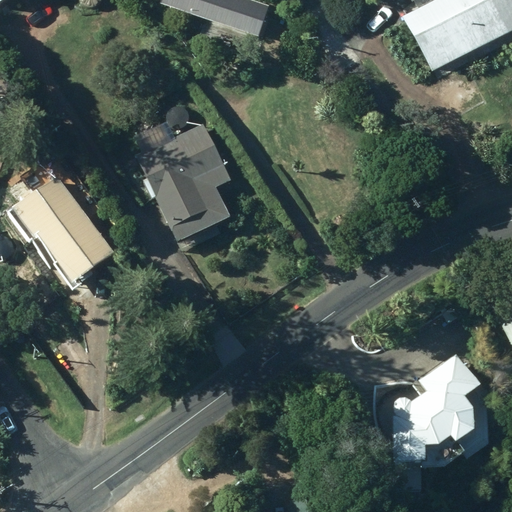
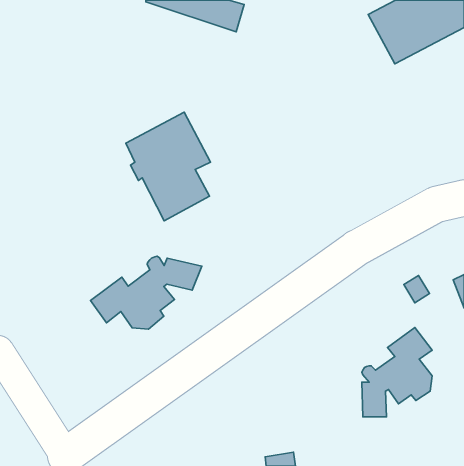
building: [13,176,113,282] -> none
building: none -> [91,256,202,329]

